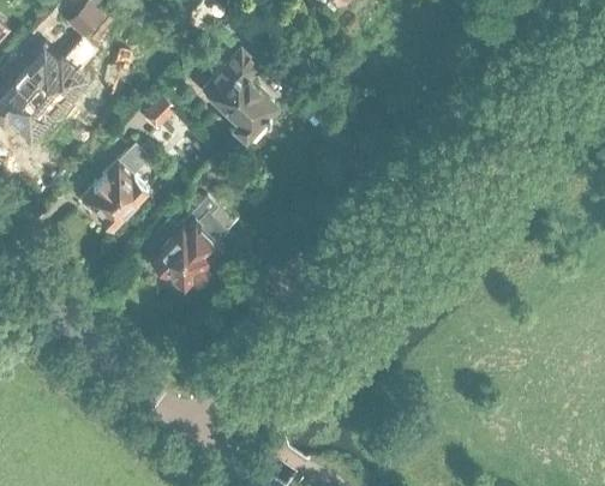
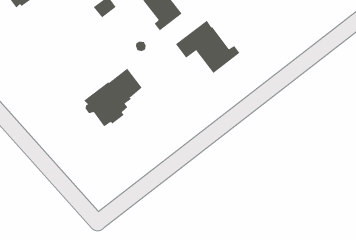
building: none -> [175,20,240,74]
building: [80,145,148,229] -> none

